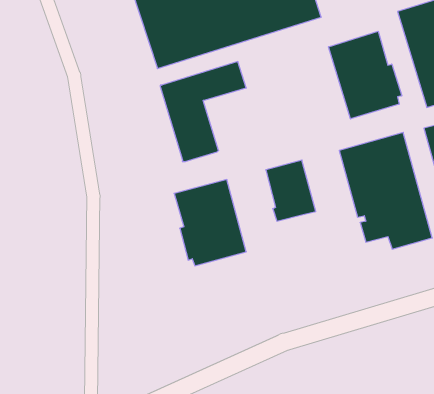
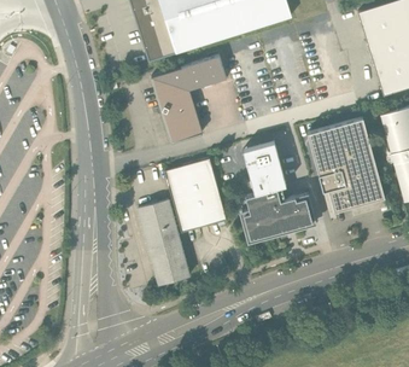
building: [329,31,402,119] -> none
building: none -> [239,188,316,243]
building: none -> [138,199,188,285]

